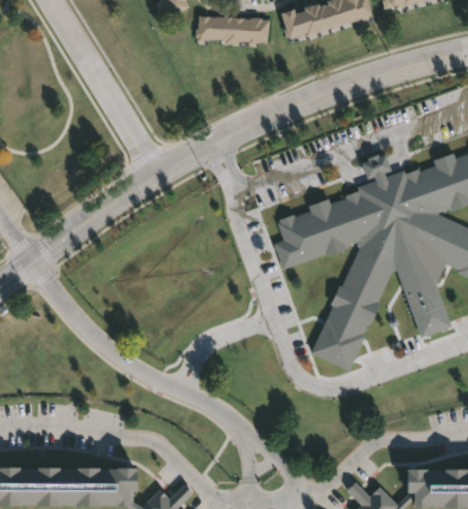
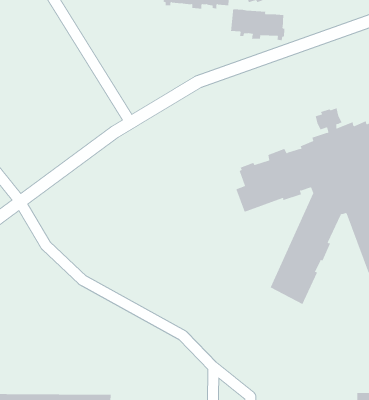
building: none -> [231,9,285,41]

